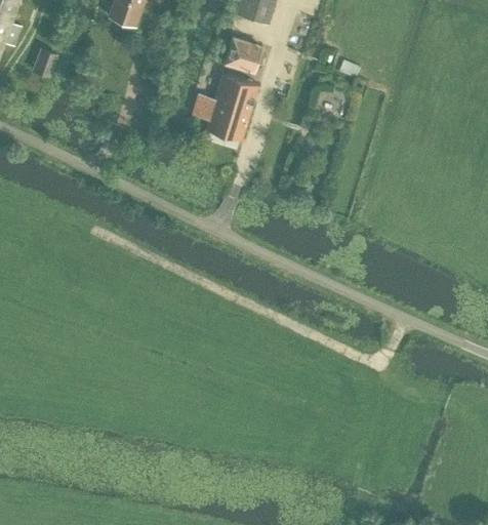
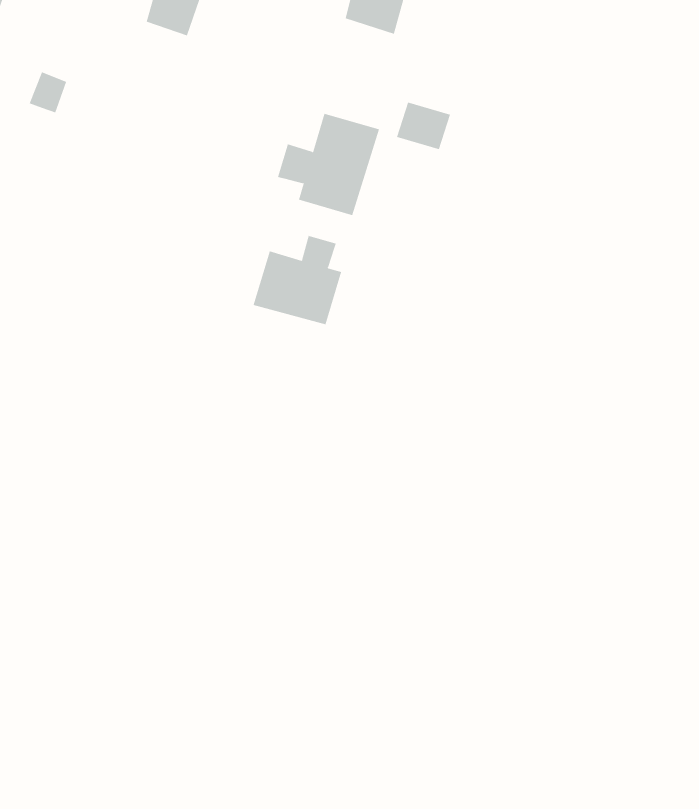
building: [226,40,260,71] -> [396,102,451,150]
building: none -> [253,235,342,325]

